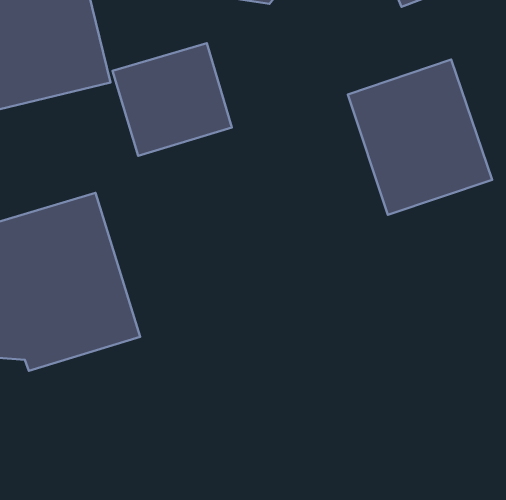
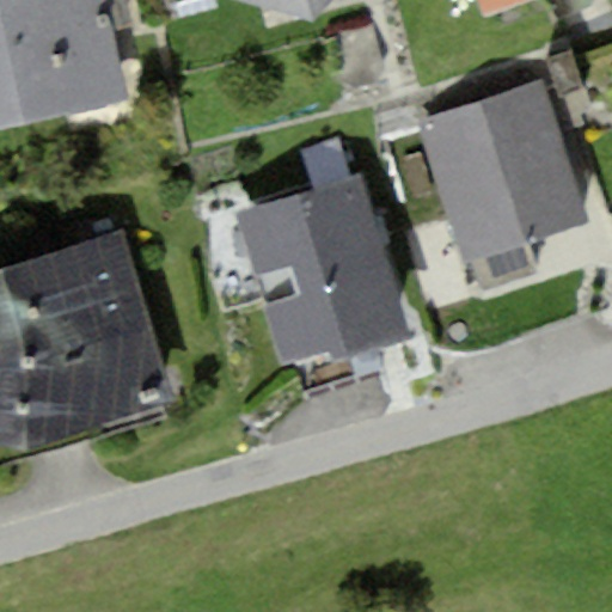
building: [113,43,232,156] -> none
building: none -> [234,177,402,377]

